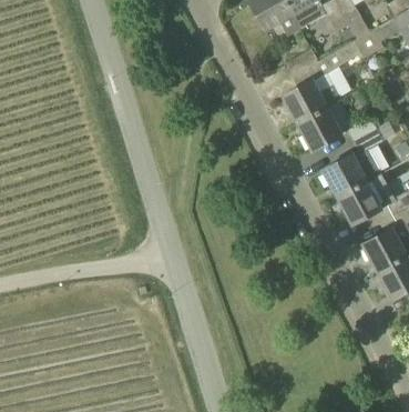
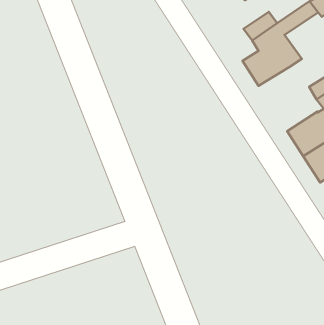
building: [296,107,342,151] -> none

